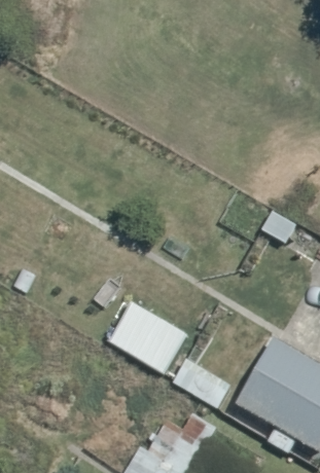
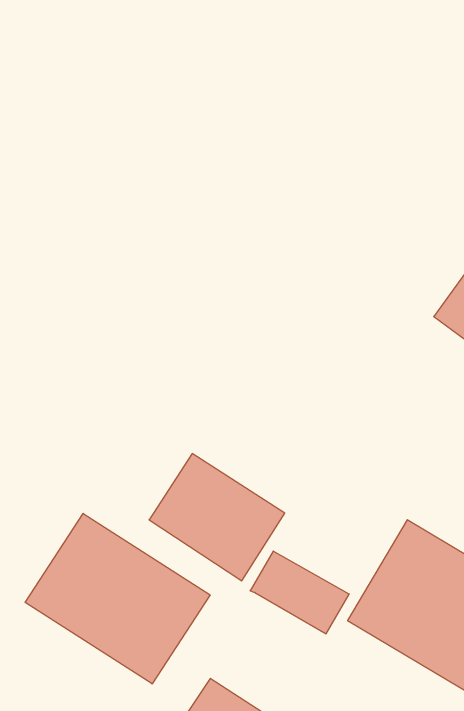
building: none -> [25,513,210,684]

